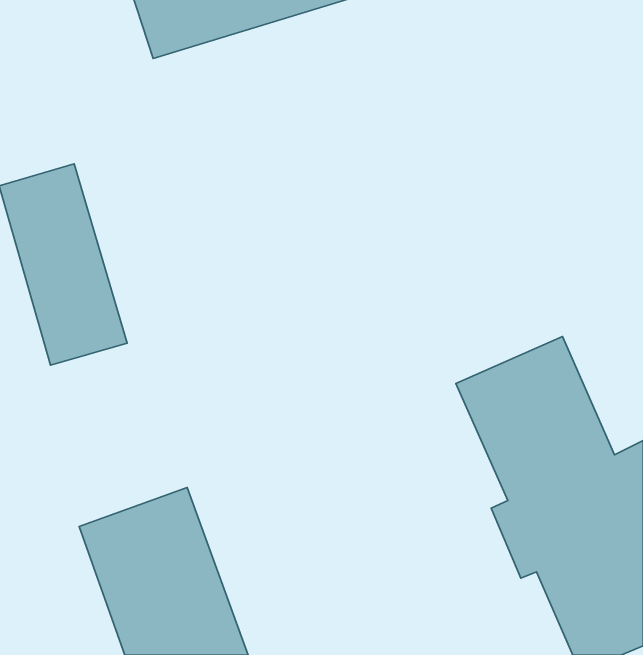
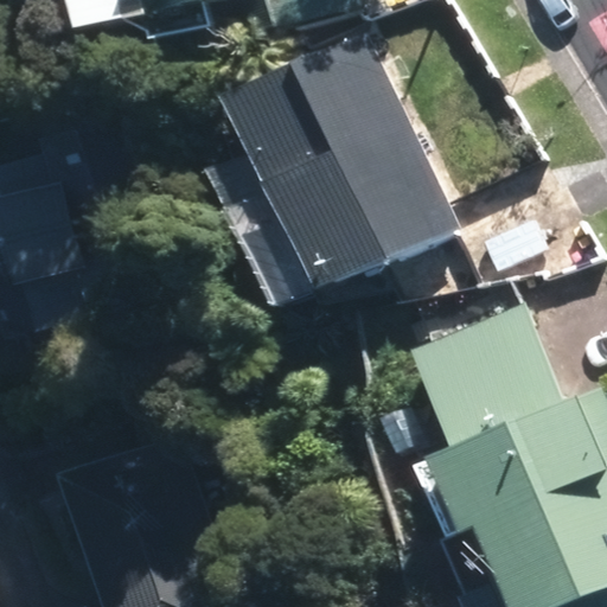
building: none -> [237,45,443,280]

